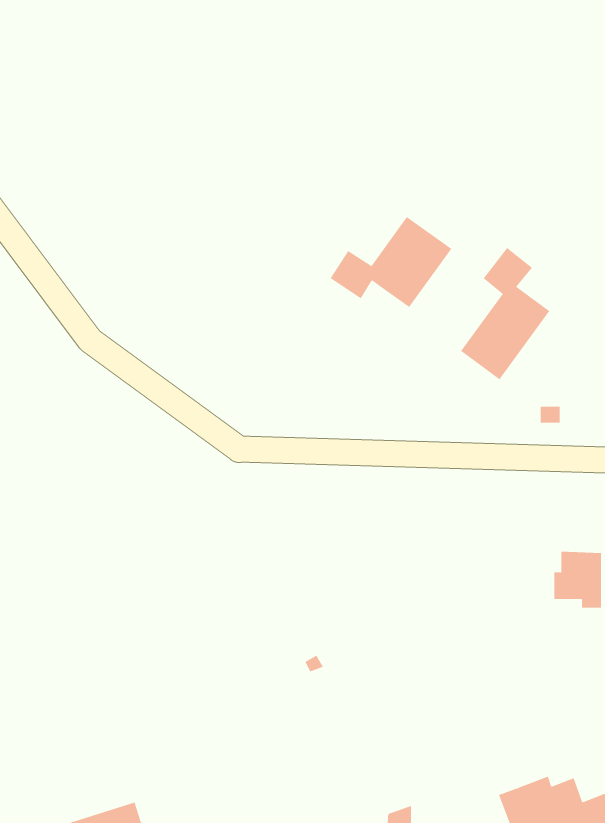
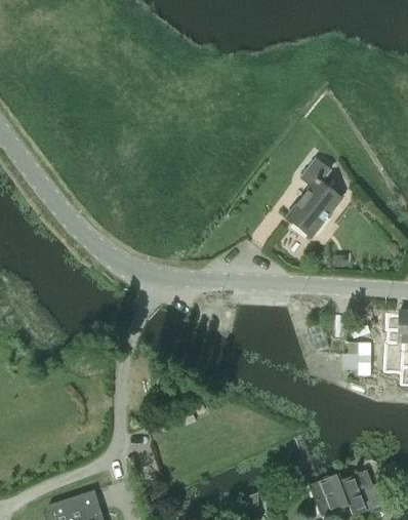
building: [330,216,452,308] -> none

